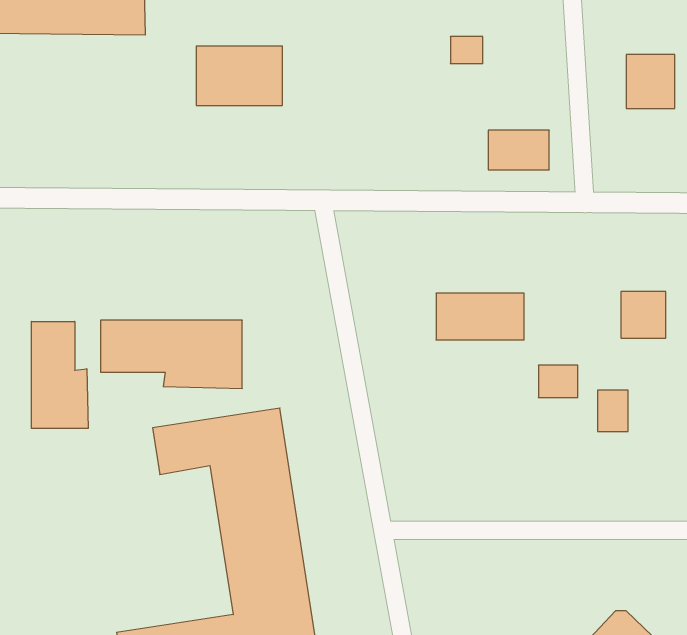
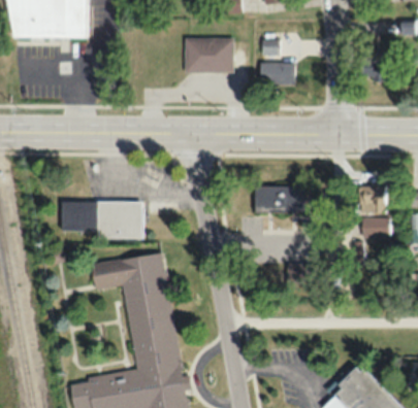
building: [196,46,282,105] -> [185,37,234,71]
building: [488,130,549,170] -> [260,61,295,83]
building: [31,321,88,428] -> none
building: [538,365,578,398] -> [362,217,385,236]

